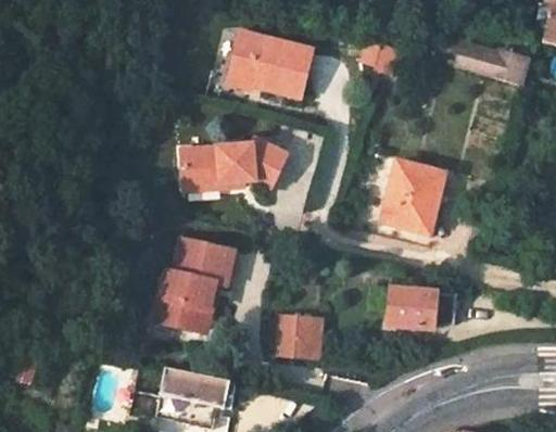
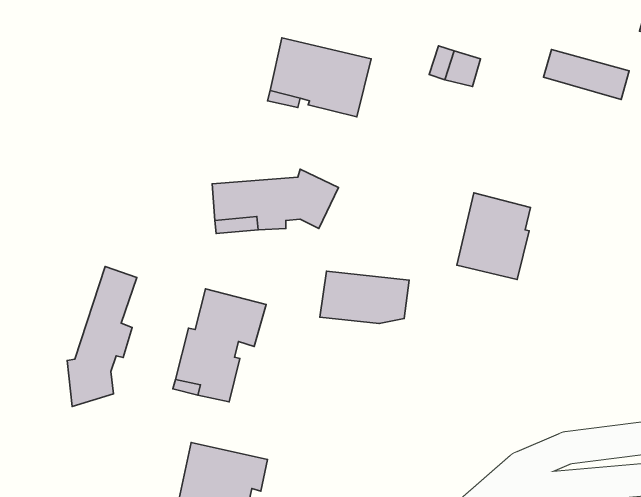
building: none -> [67,267,137,406]
building: [381,285,455,329] -> [320,271,409,324]
building: [280,313,329,357] -> none

